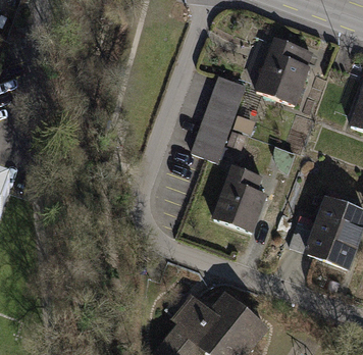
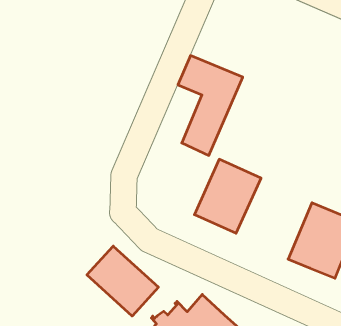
building: [257,38,317,104] -> none
building: none -> [87,246,158,316]

